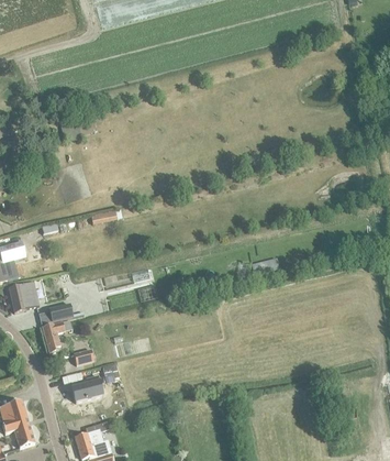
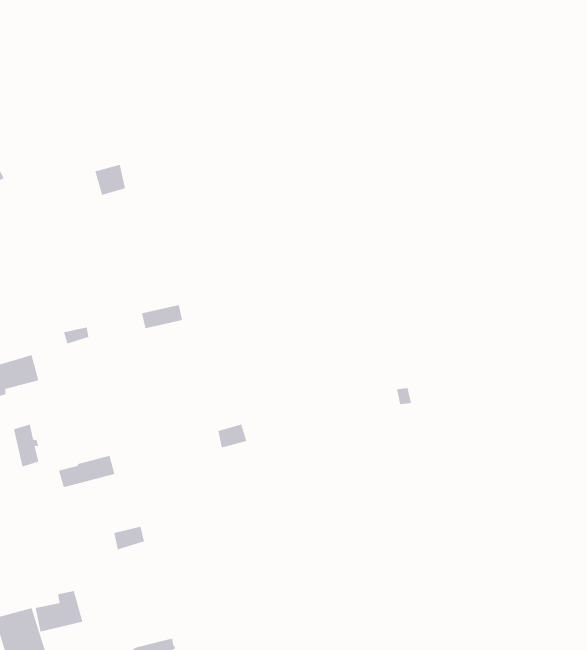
building: [42,321,65,353] -> none
building: [71,376,102,403] -> [35,591,83,632]

